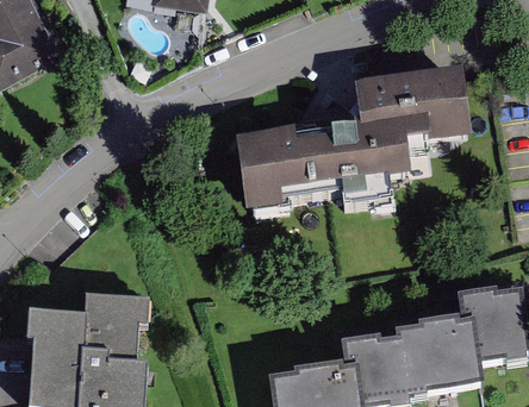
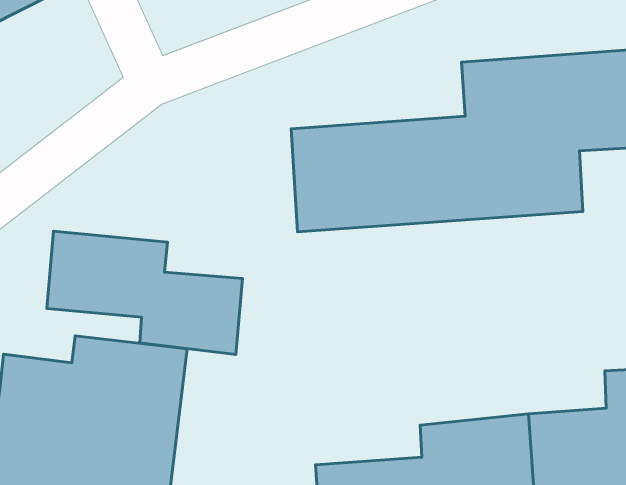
building: none -> [47,231,242,355]

